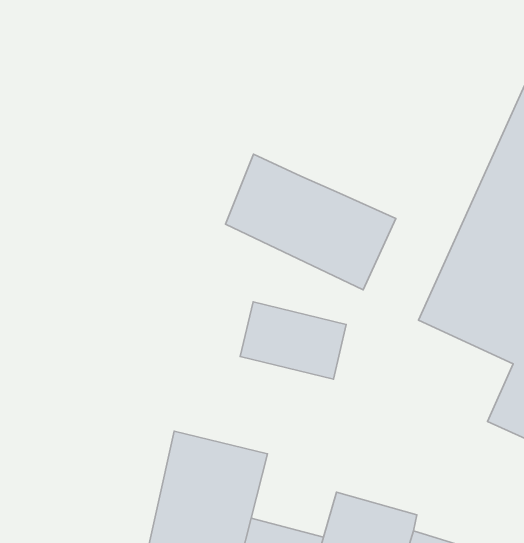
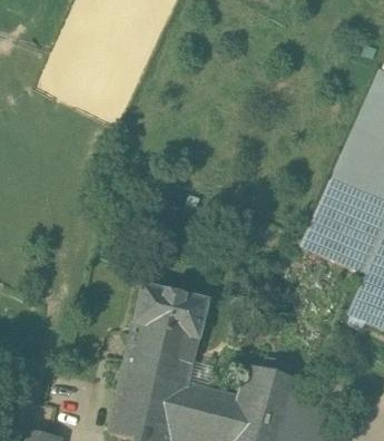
building: [226,154,396,290] -> none
building: [240,302,346,379] -> [135,284,208,337]

